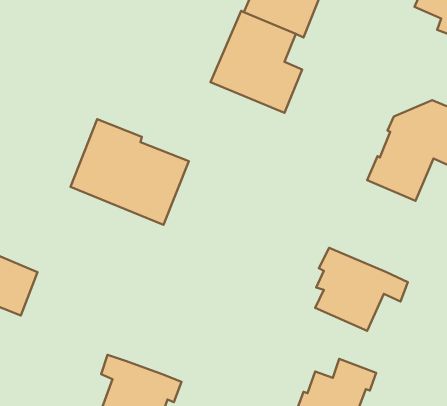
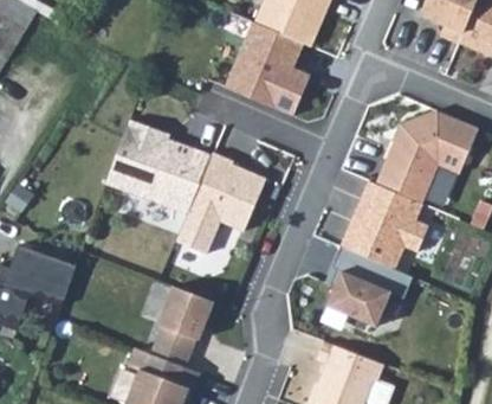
building: none -> [175,160,264,262]
building: none -> [339,178,428,267]
building: none -> [151,282,214,361]

